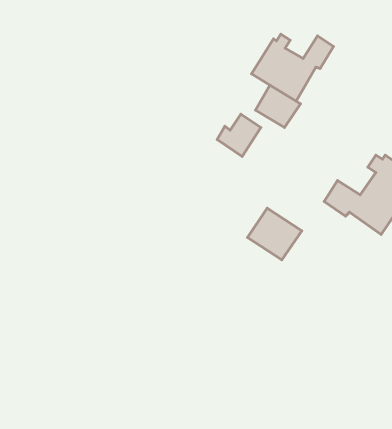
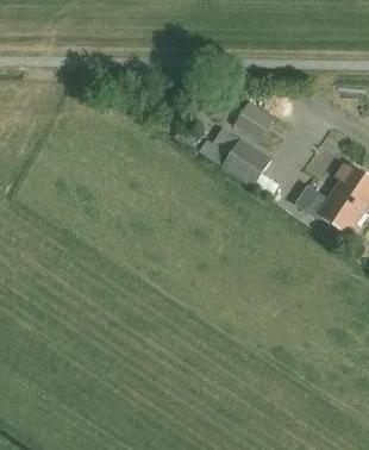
building: [252,34,333,101] -> none
building: [247,208,302,260] -> [223,139,271,186]

